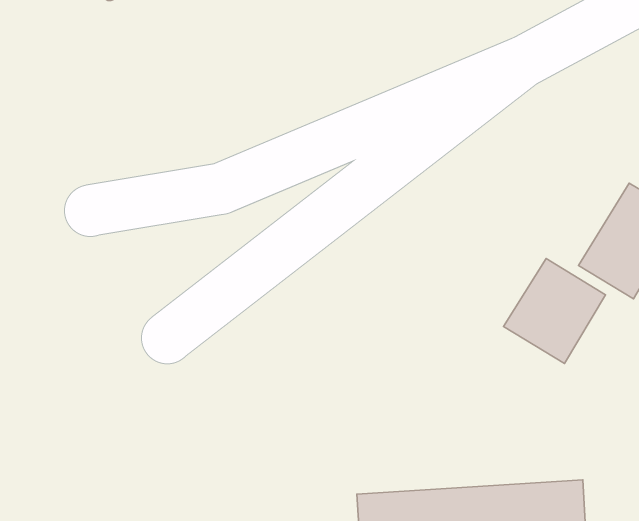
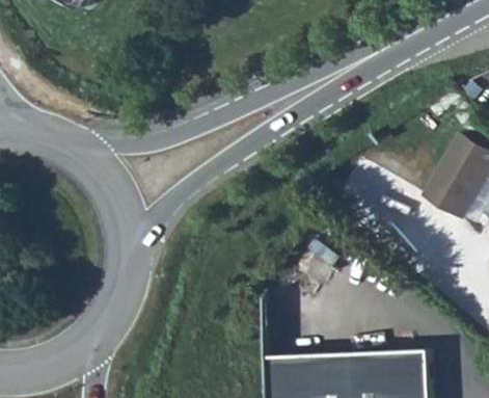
building: [503,259,605,363] -> none

